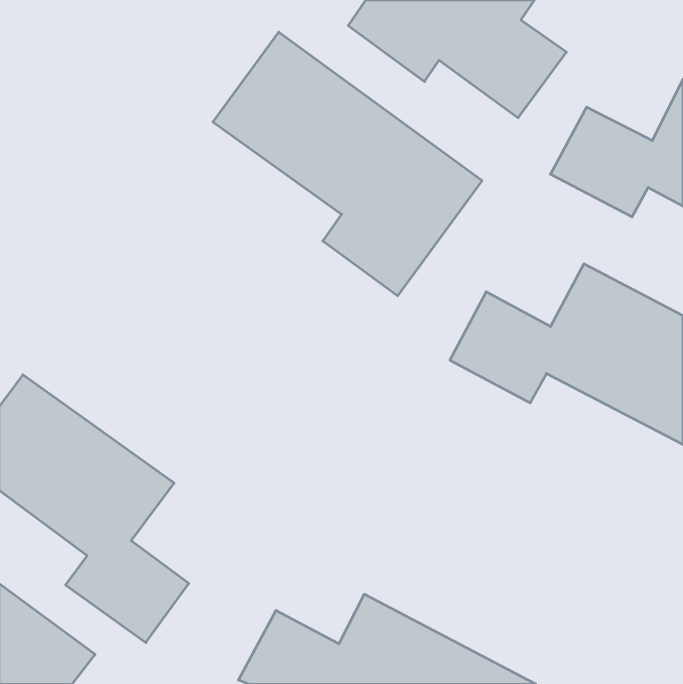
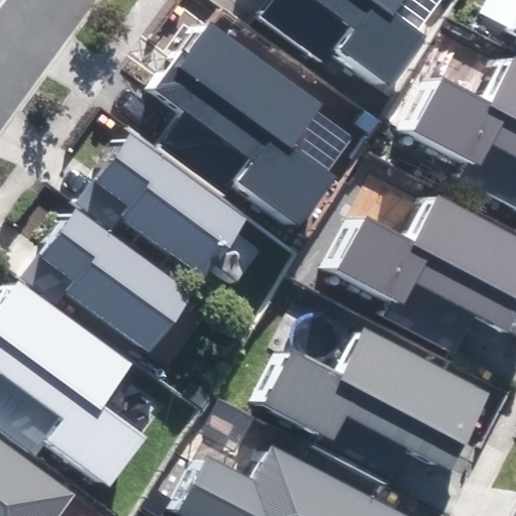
building: none -> [98,137,247,278]
building: none -> [42,209,190,351]
building: none -> [266,332,487,471]

